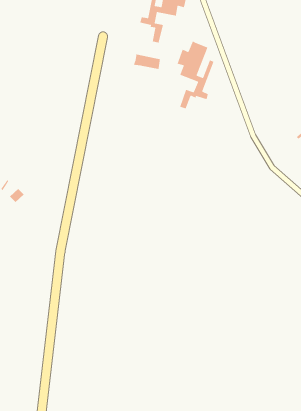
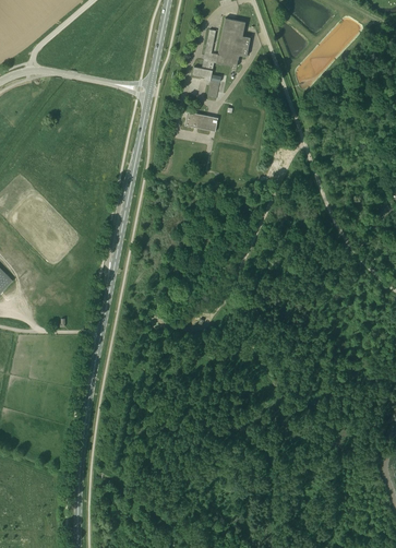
building: [176,40,215,109] -> none

